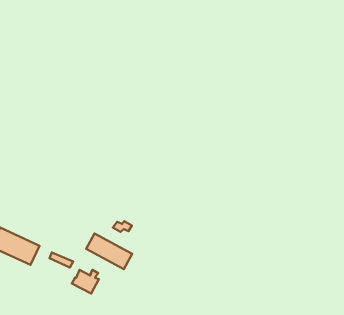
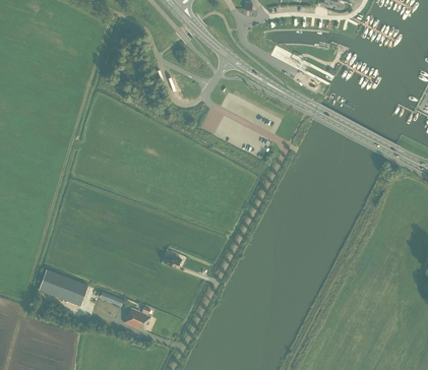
building: [86,233,132,269] -> none

